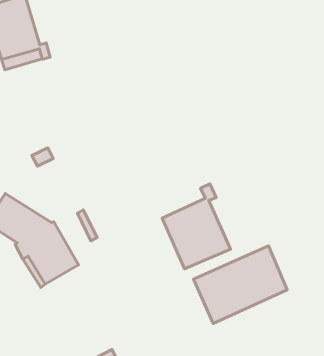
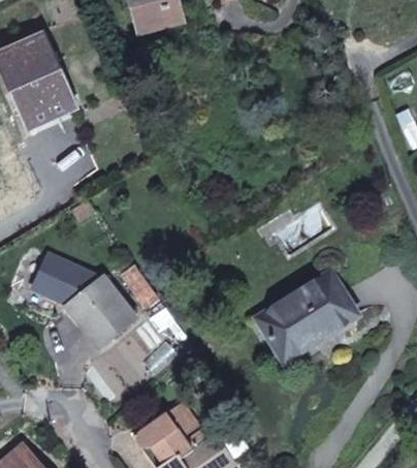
building: [162,184,231,269] -> none

